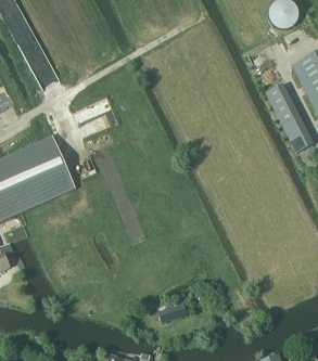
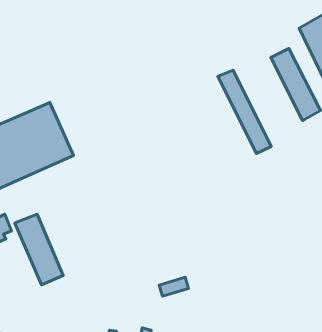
building: none -> [218,70,271,154]
building: none -> [15,214,63,285]

